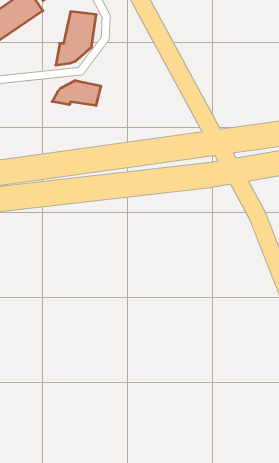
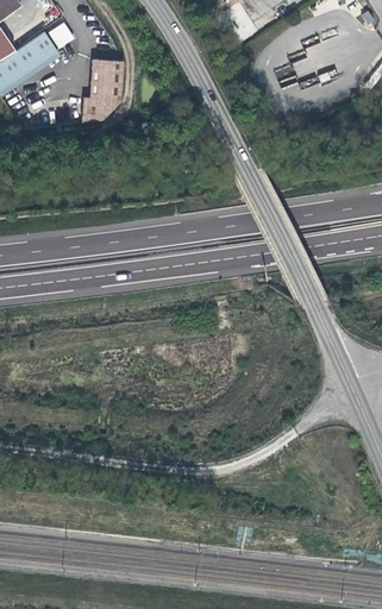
building: [52,80,101,106] -> none

